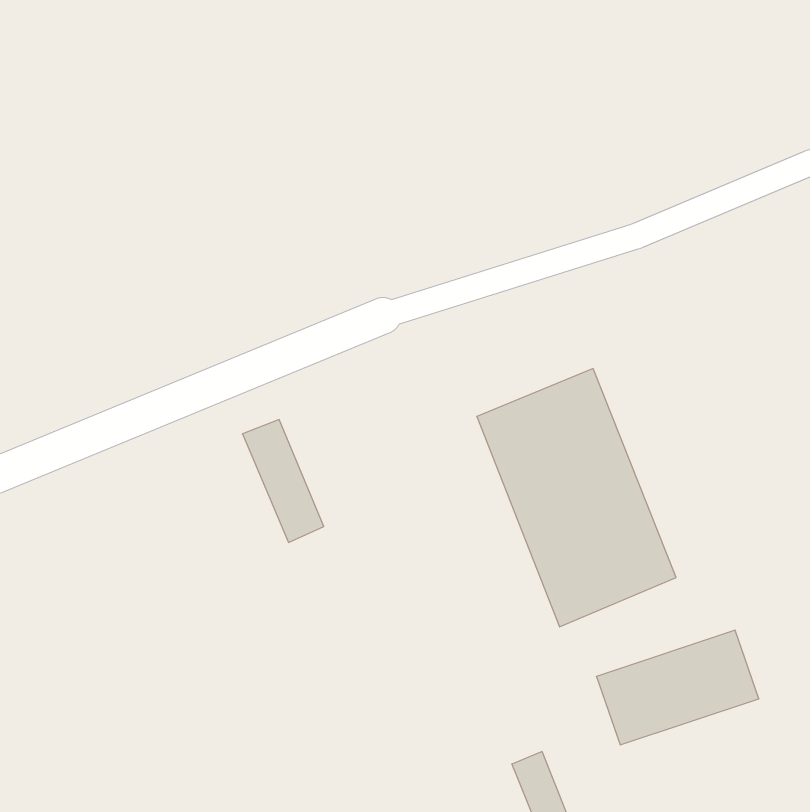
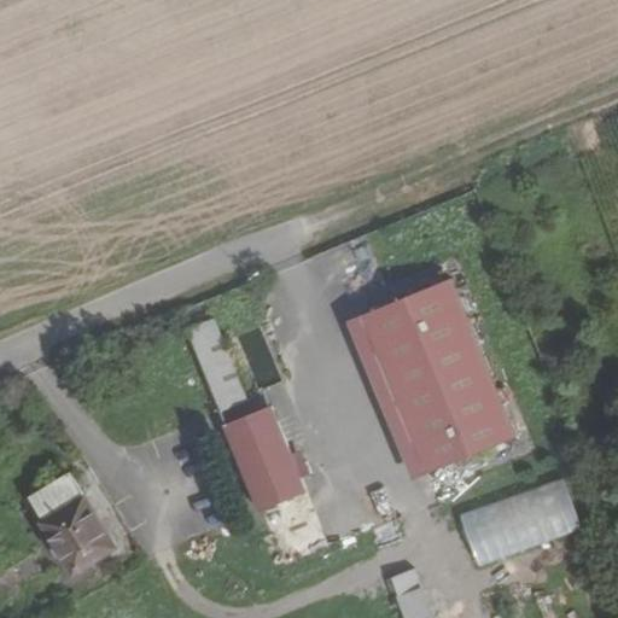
building: none -> [225,407,305,512]
building: none -> [28,473,113,572]

